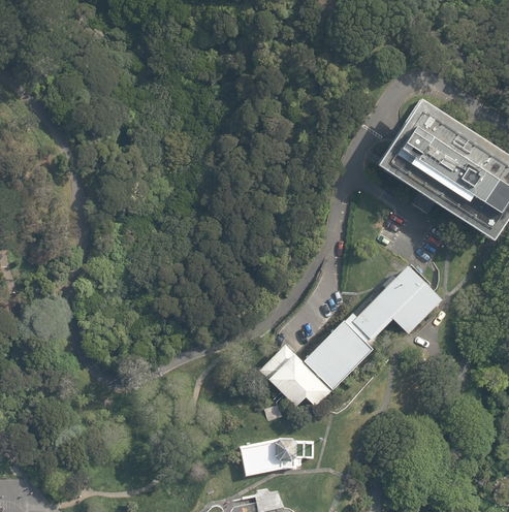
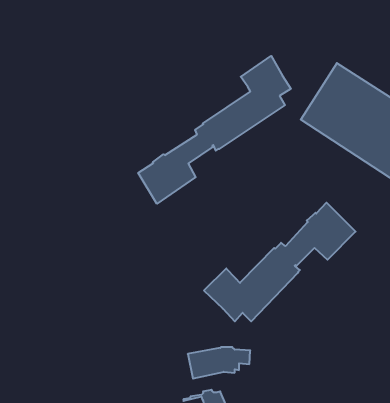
building: none -> [138,56,291,204]

